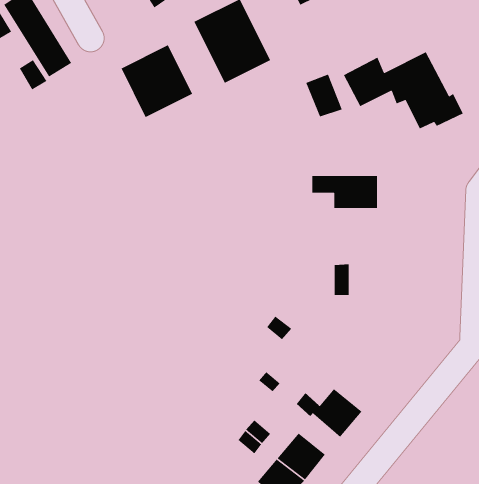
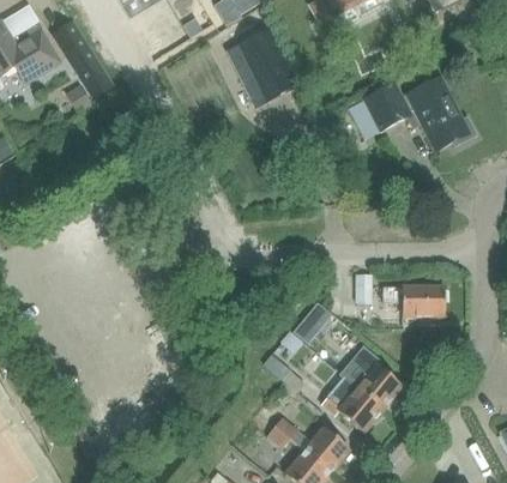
building: [120,44,193,118] -> none
building: [311,175,378,209] -> [381,284,442,315]
building: none -> [354,349,400,407]

